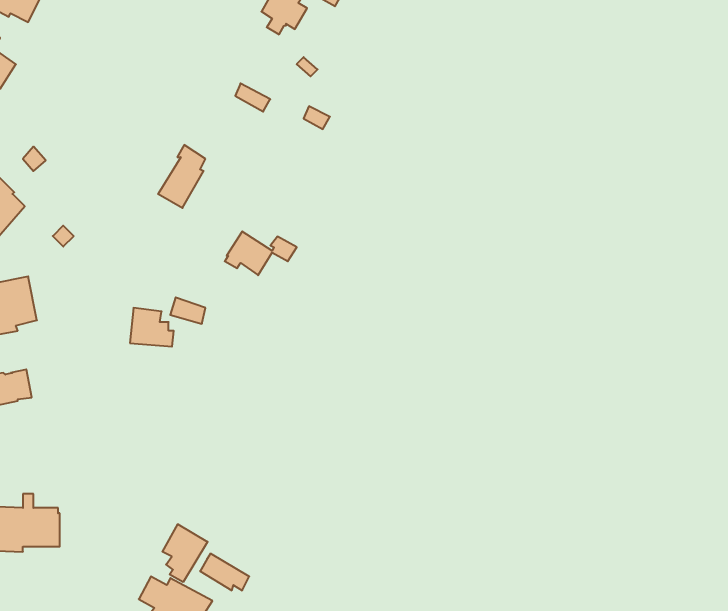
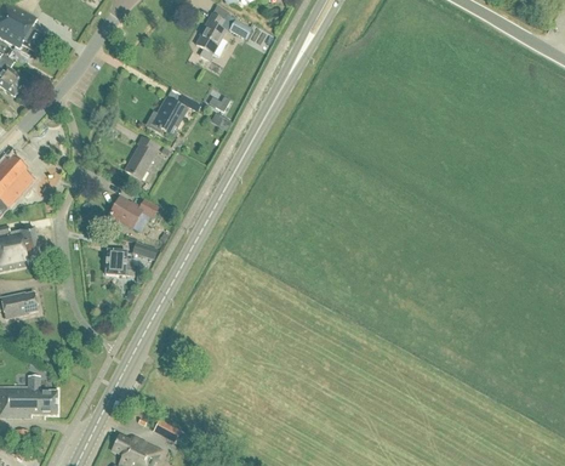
building: none -> [145,96,186,131]
building: [225,231,297,275] -> [107,195,156,226]
building: [162,524,208,582] -> none

